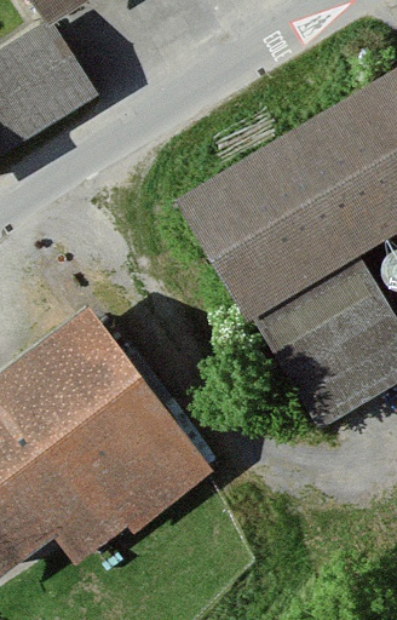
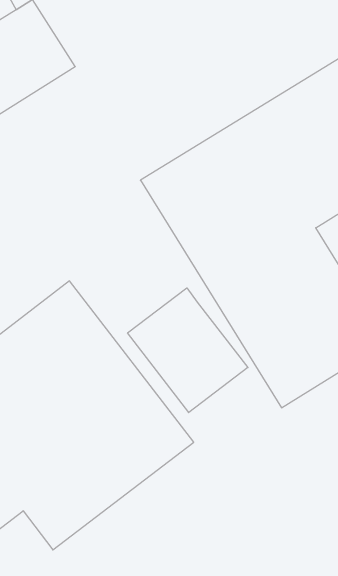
building: none -> [128,288,248,413]

